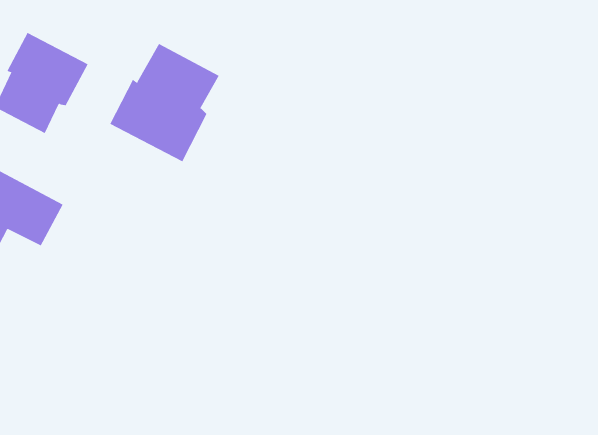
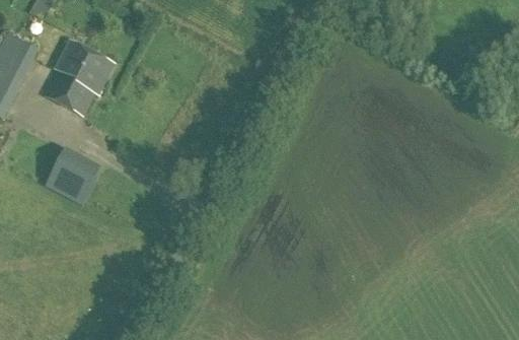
building: [110,43,220,162] -> none

